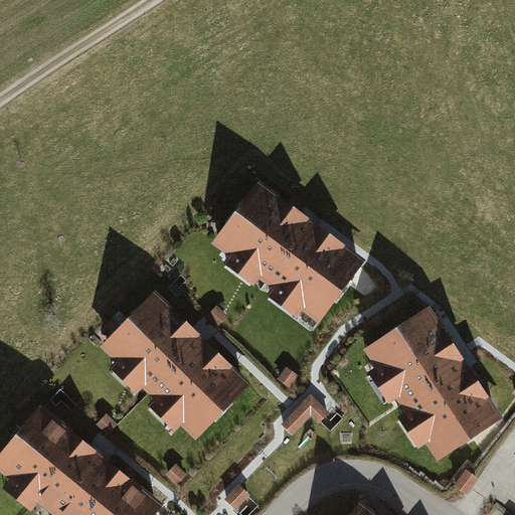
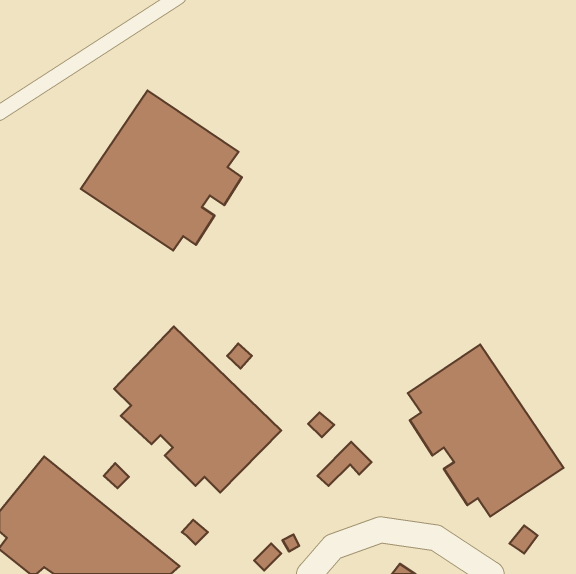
building: none -> [81,91,242,251]
building: [214,181,367,320] -> none

